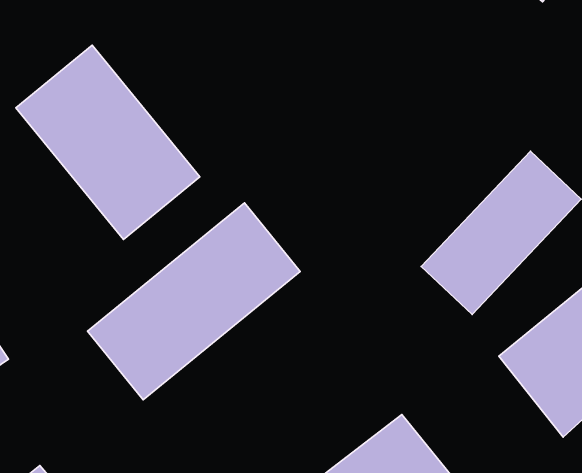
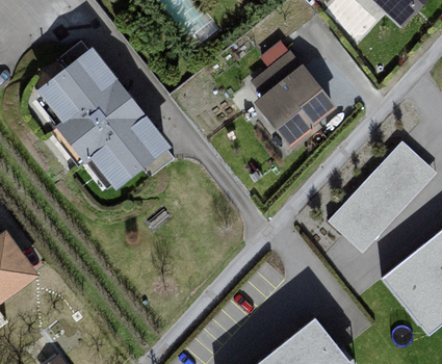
building: none -> [249,51,336,149]
building: [88,203,300,400] -> none

